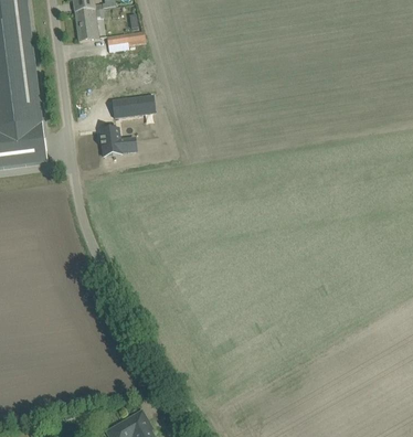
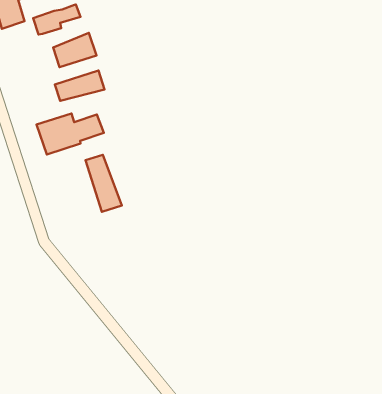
building: none -> [53,33,96,67]
building: none -> [86,155,122,212]

